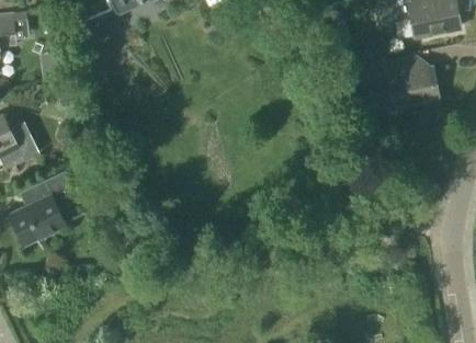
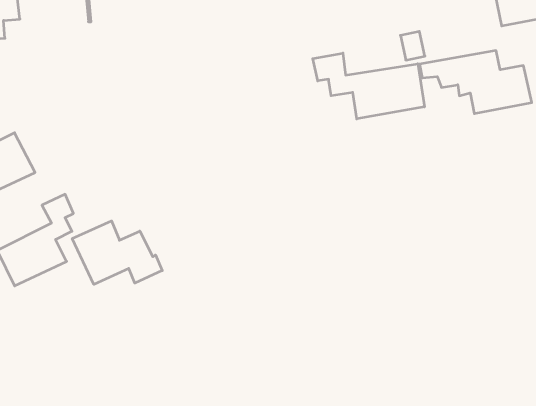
building: none -> [313,53,424,119]
building: none -> [72,221,162,284]

